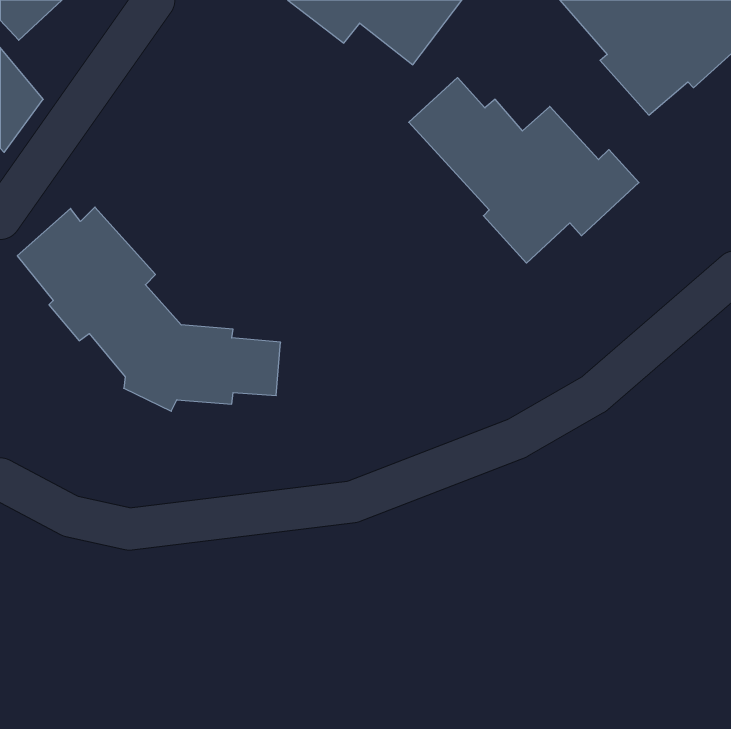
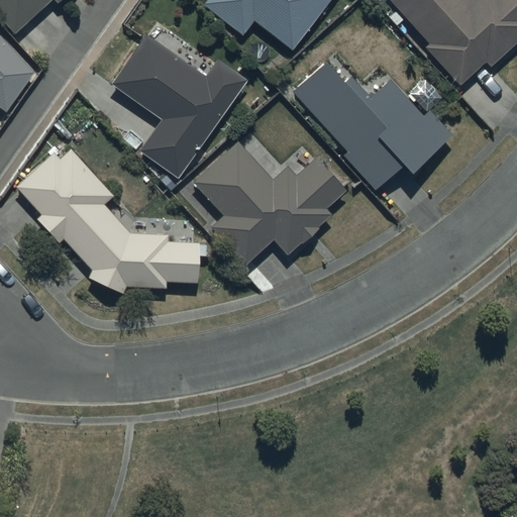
building: none -> [110,34,247,177]
building: none -> [194,141,347,263]

